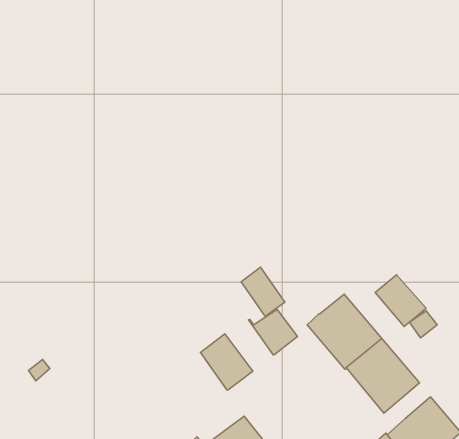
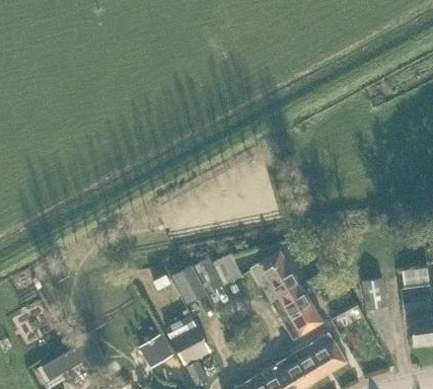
building: [241,267,285,317] -> [195,258,223,294]
building: [375,275,426,327] -> none

